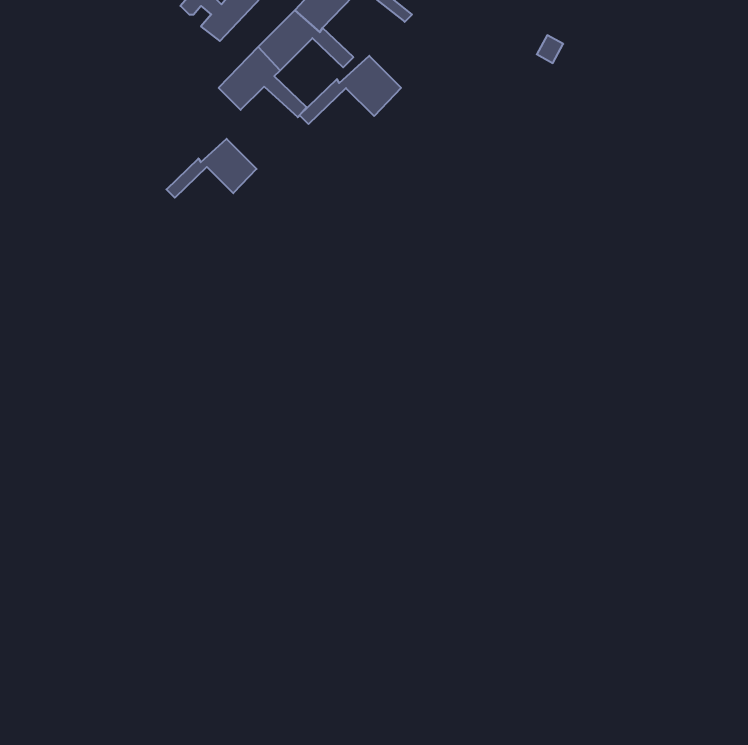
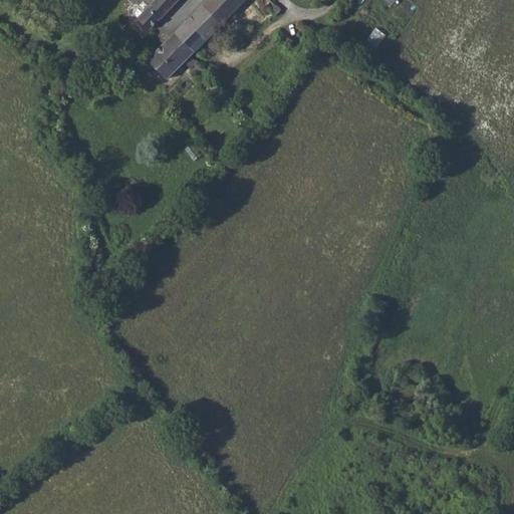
building: [300,56,401,124] -> none
building: [166,139,257,198] -> none

